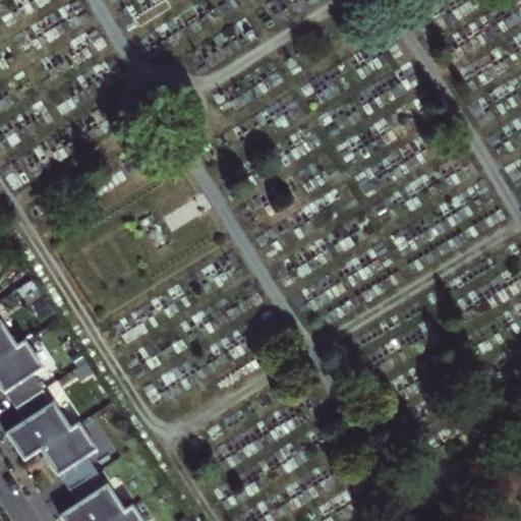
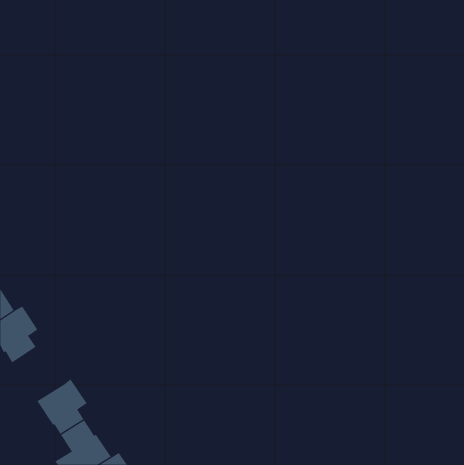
building: [7,388,71,460] -> none

